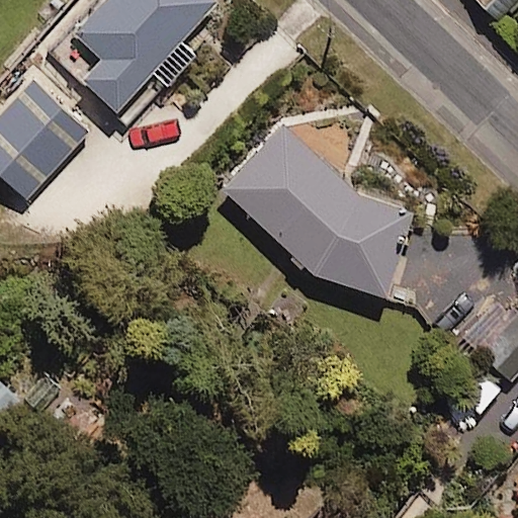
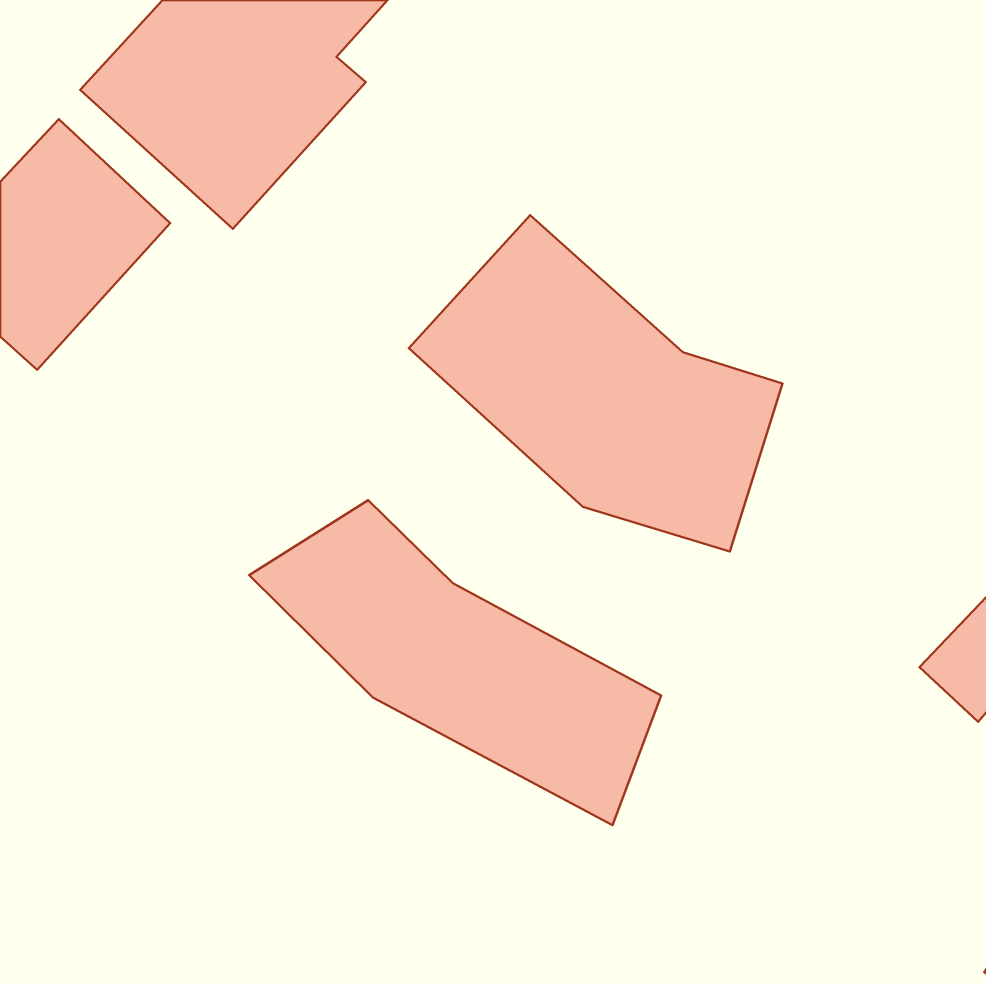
building: none -> [249,500,661,825]

